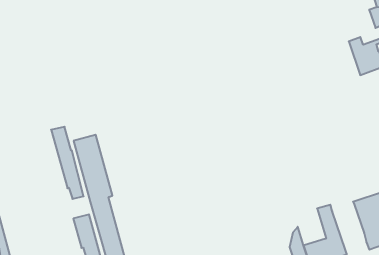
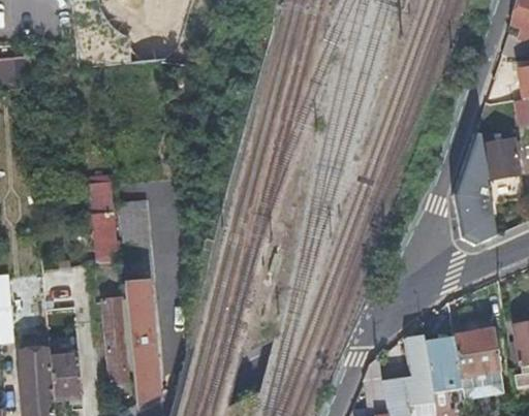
building: none -> [454,133,495,245]
building: none -> [426,340,462,395]

